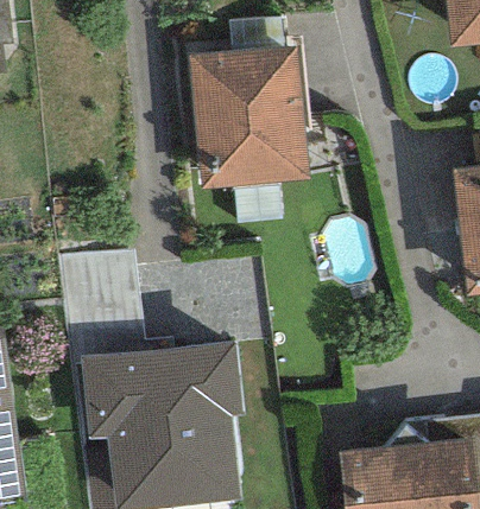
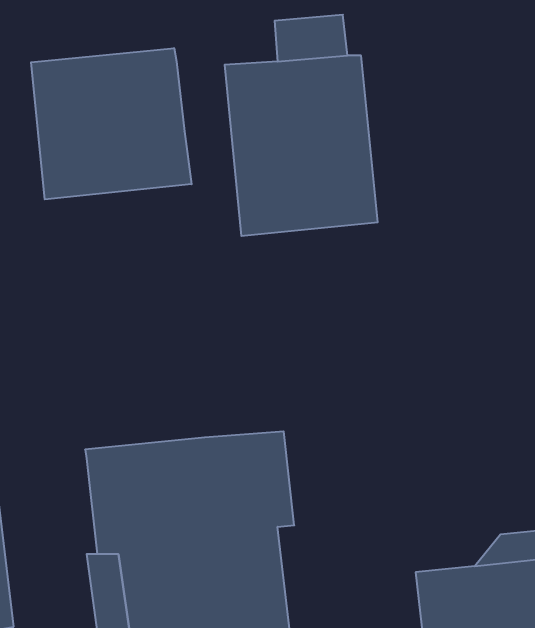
building: none -> [31,48,192,199]
building: [57,250,173,364] -> none

